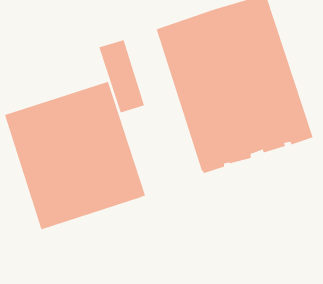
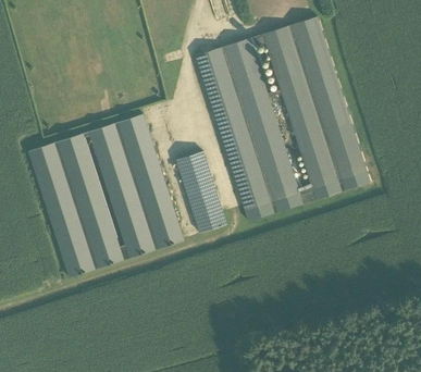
building: [98,39,145,113] -> [175,151,226,233]

